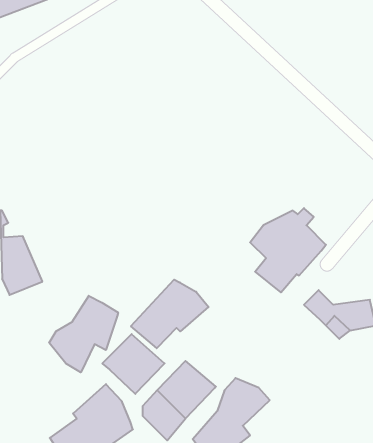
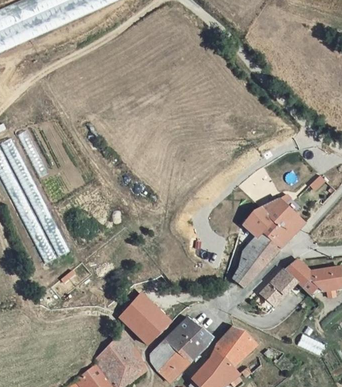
building: none -> [231,243,264,287]
building: [131,280,209,348] -> none
building: [49,296,118,372] -> none
building: none -> [258,270,296,306]

